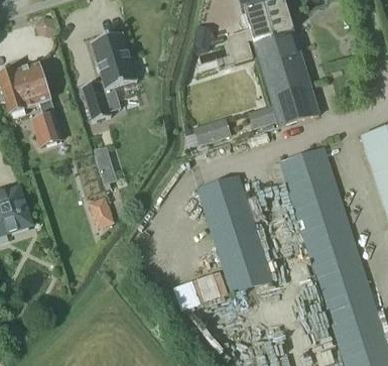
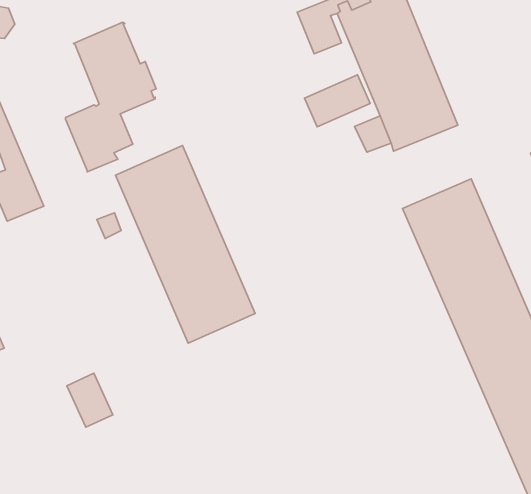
building: [192,116,232,145] -> [305,75,370,127]
building: [197,173,273,293] -> [115,146,255,343]
building: [88,195,114,227] -> [67,373,113,427]

